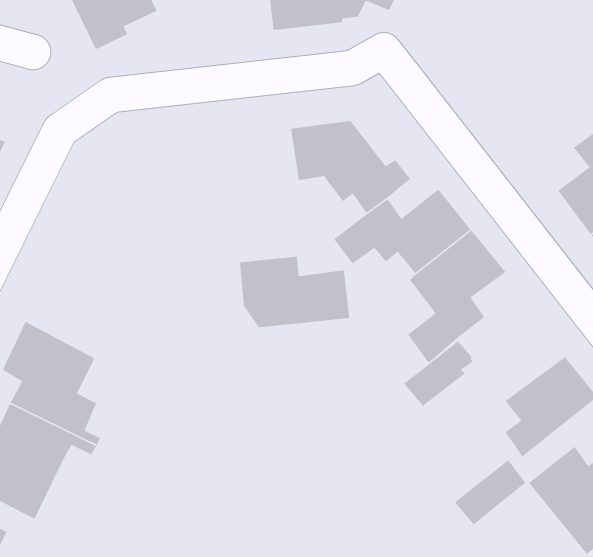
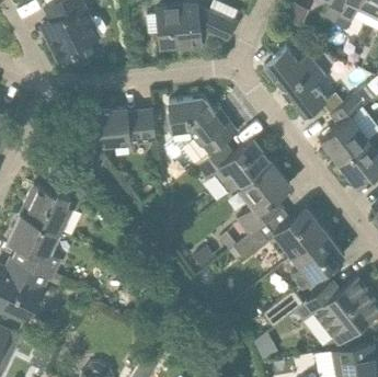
building: none -> [264,48,328,119]
building: none -> [22,173,89,233]
building: [239,256,350,328] -> [93,108,156,149]
building: none -> [273,208,325,258]

